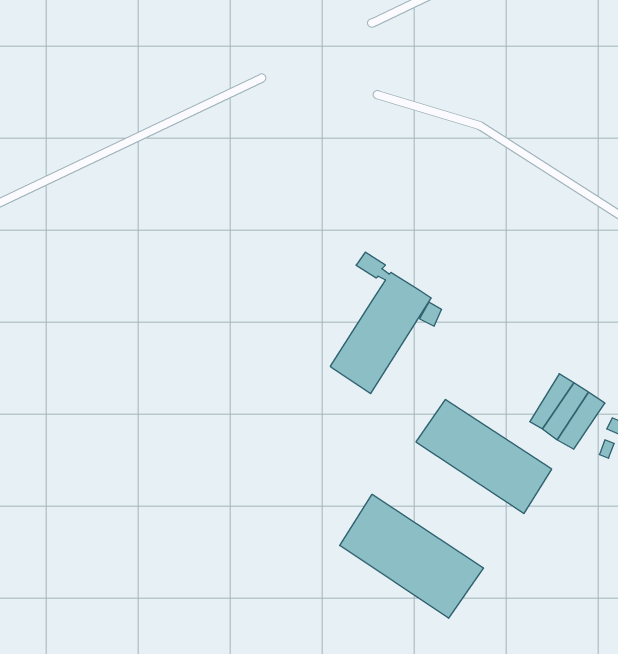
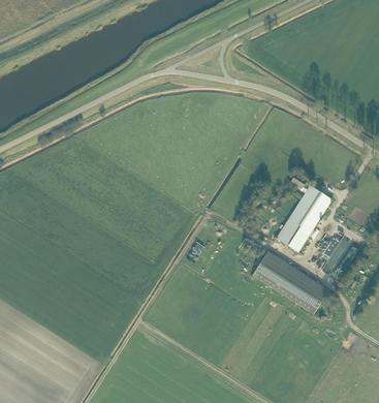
building: [330,252,431,394] -> [276,173,333,252]
building: [340,494,483,618] -> none

